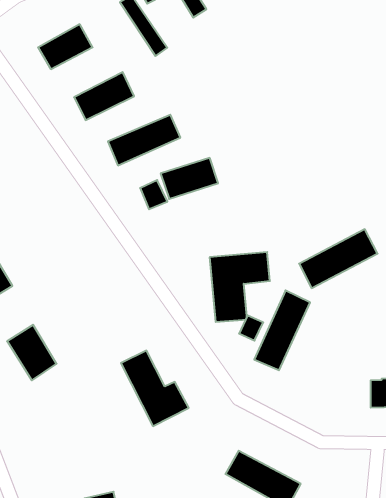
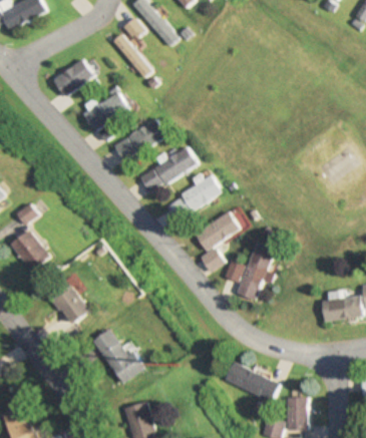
building: [299,229,378,288] -> [163,174,221,222]
building: [121,351,189,426] -> [91,329,144,384]

